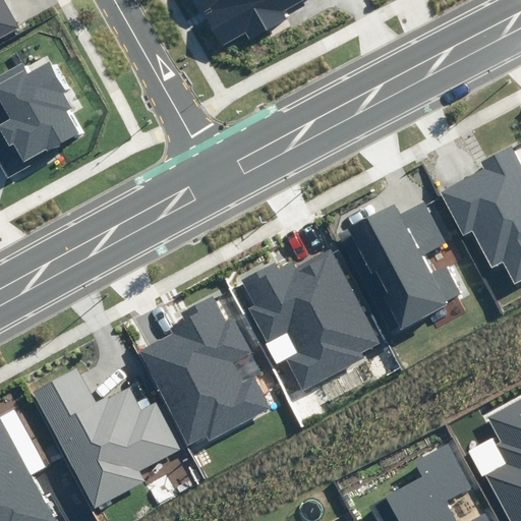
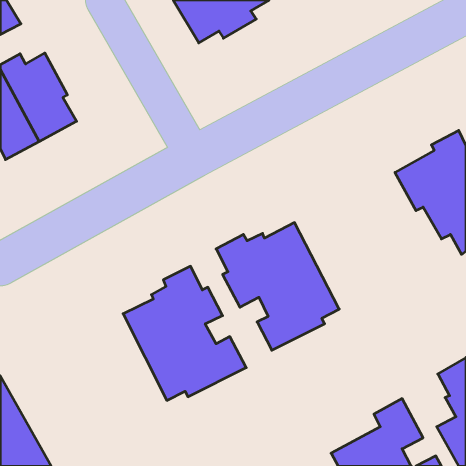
building: [339,204,464,334] -> none
building: [35,369,182,508] -> none

